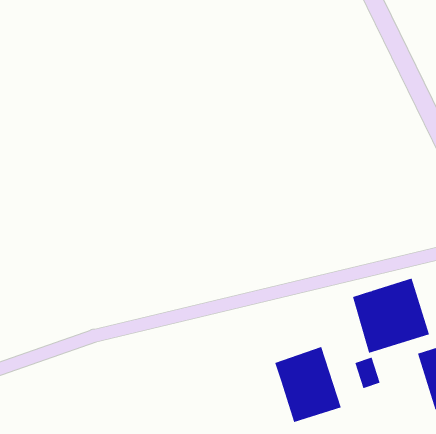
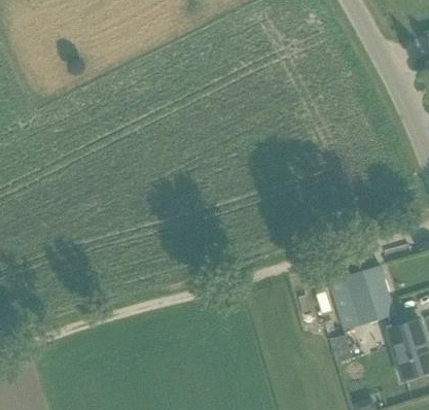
building: [275,346,341,423] -> none

